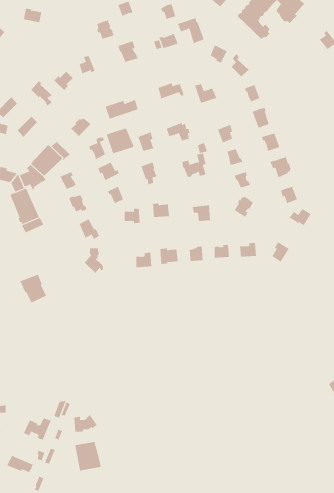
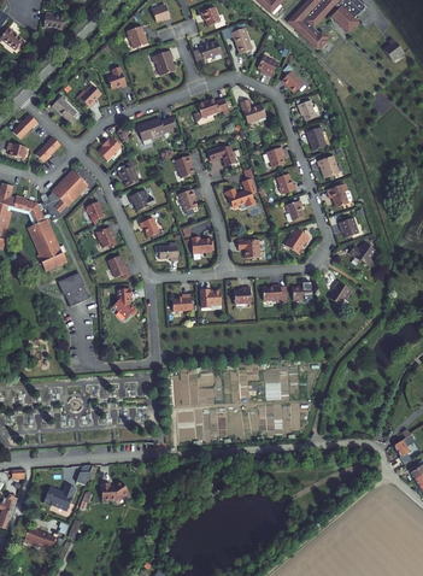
building: [106,128,134,154] -> none
building: [20,274,47,303] -> [58,272,89,306]
building: [75,441,101,471] -> none

